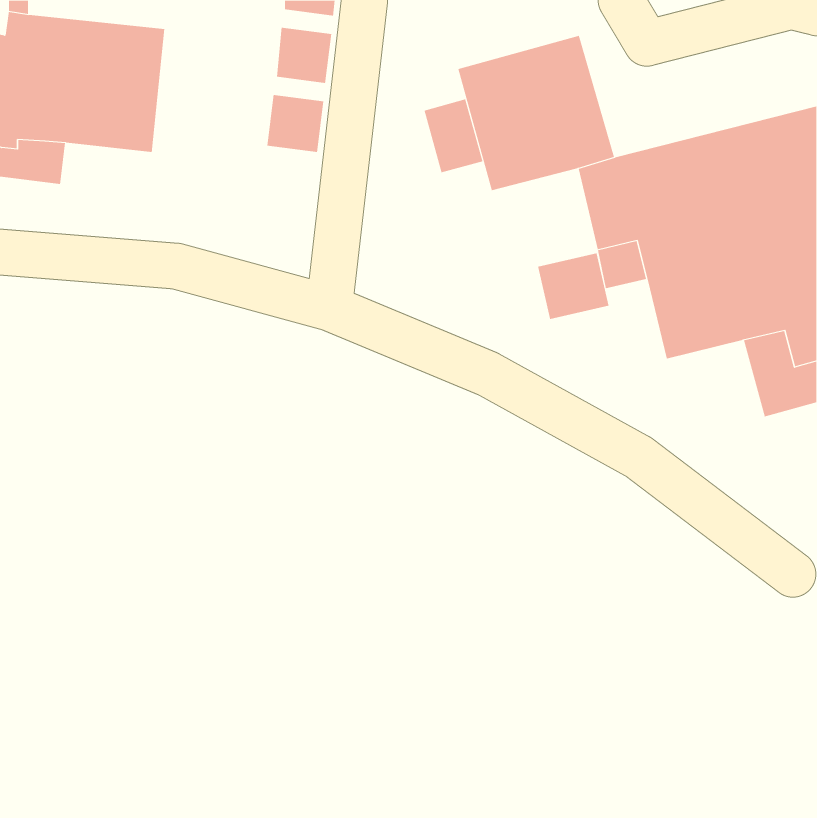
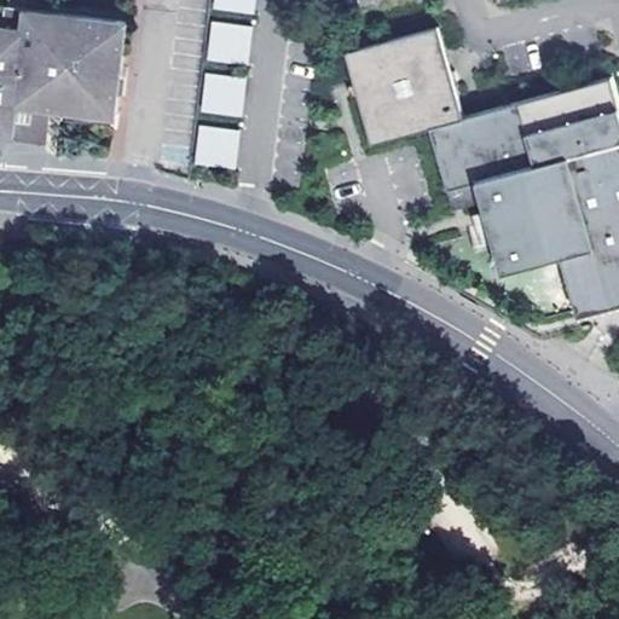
building: [424,99,483,173] -> none
building: none -> [195,125,237,168]
building: [538,252,609,320] -> none

